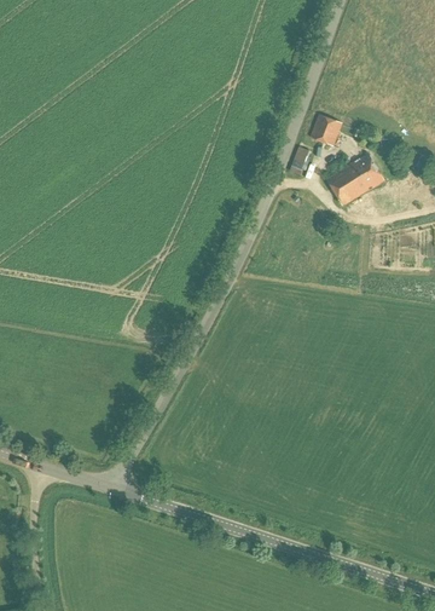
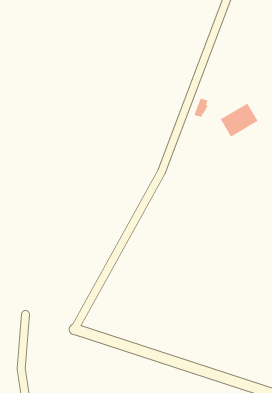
building: [311,114,342,145] -> none

